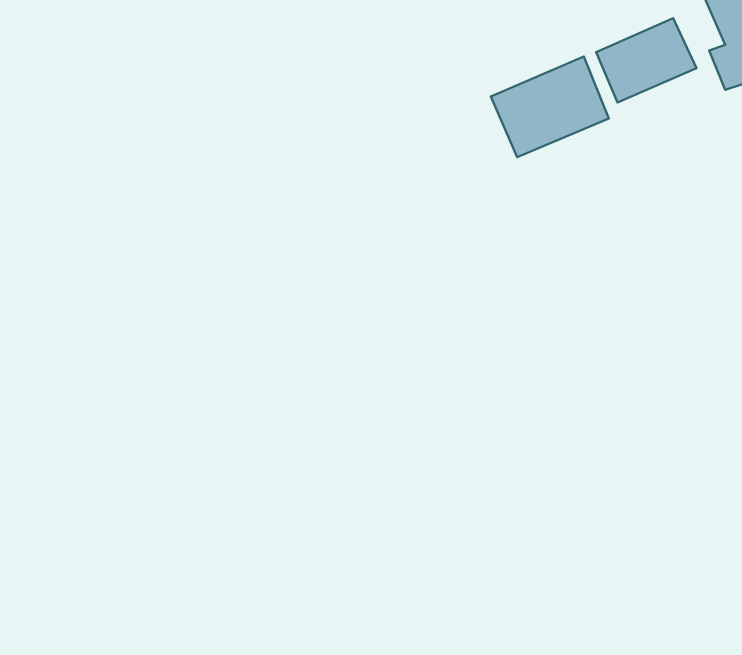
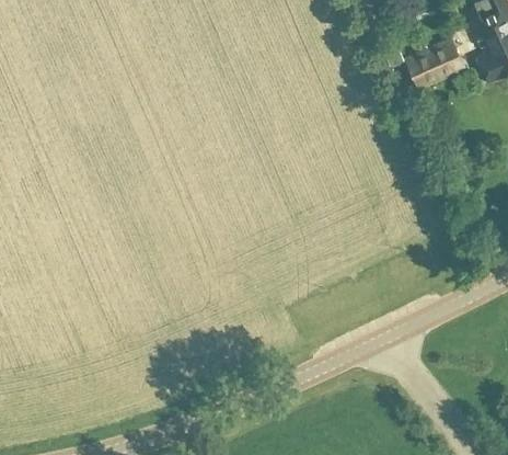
building: [491,56,609,157] -> none

